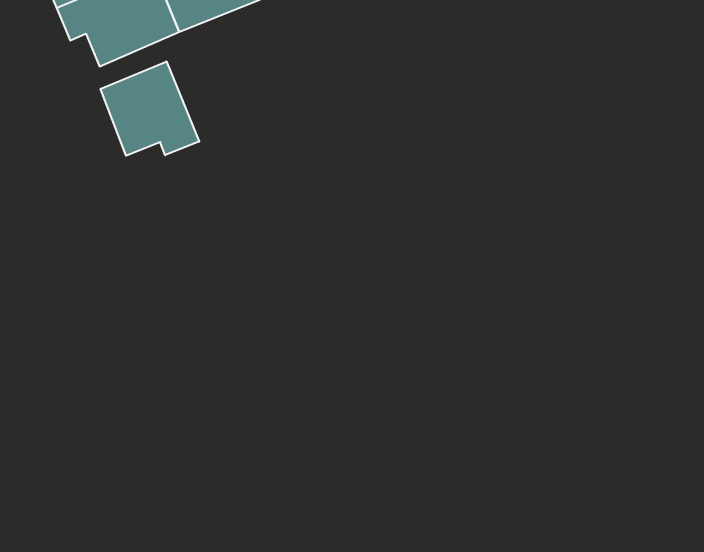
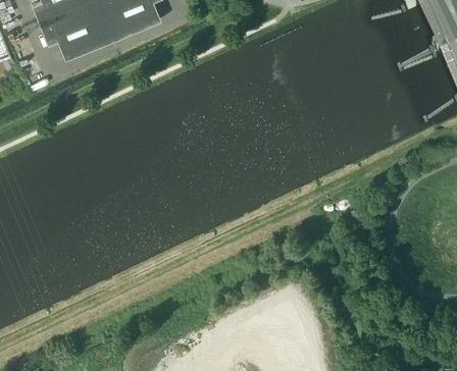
building: [101,61,199,156] -> none

